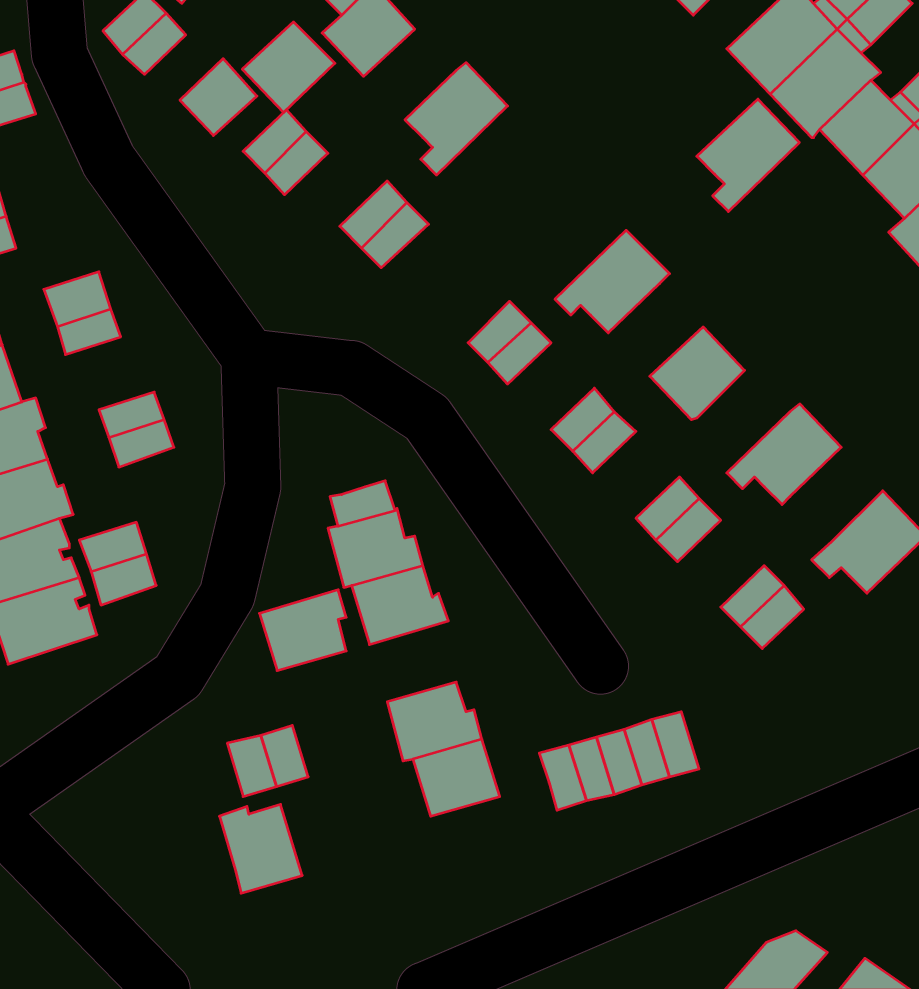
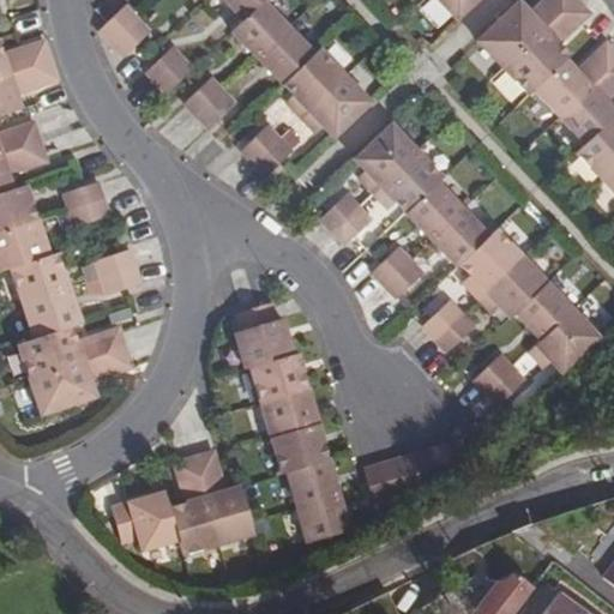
building: [242,22,335,113] -> [257,28,313,83]
building: [697,99,799,212] -> [354,124,416,192]
building: none -> [301,74,371,137]
building: none -> [405,182,463,239]
building: none -> [459,228,522,297]
building: none -> [516,282,572,339]
building: [259,590,346,671] -> [260,387,313,437]
building: none -> [206,484,254,542]
building: none -> [112,490,179,549]
building: none -> [297,494,349,541]

